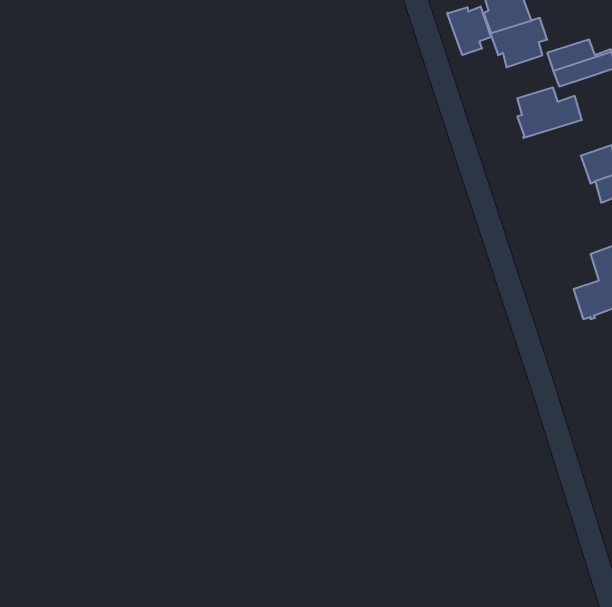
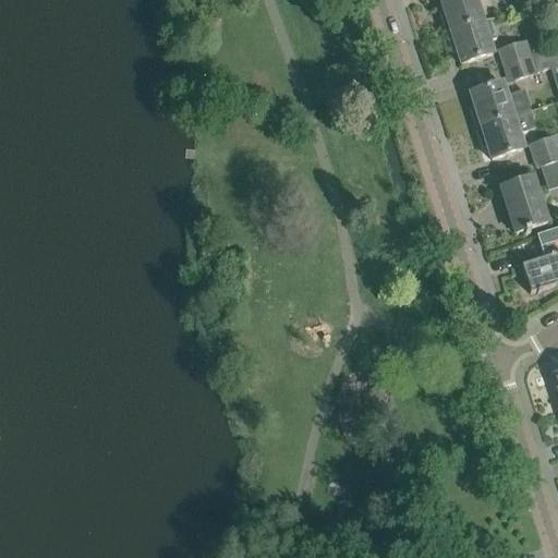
building: [447,6,491,55] -> none
building: none -> [476,109,535,156]
building: none -> [501,174,546,230]

